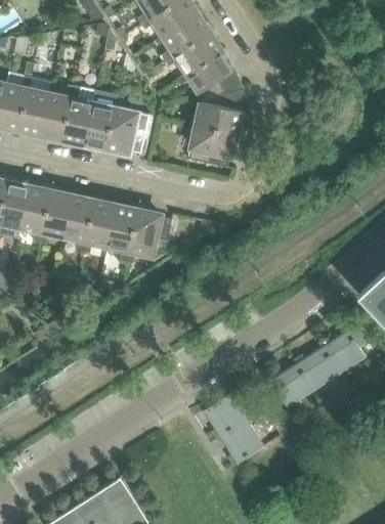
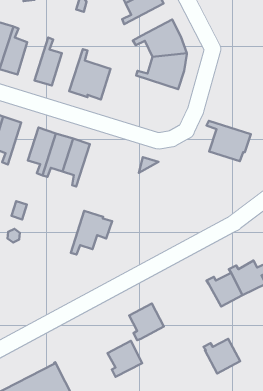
building: [164,32,221,73] -> none
building: [41,85,74,139] -> none
building: [84,94,117,148] -> none
building: [182,122,237,167] -> [207,121,251,161]
building: [40,191,73,245] -> none
building: [125,210,171,263] -> [71,211,112,254]
building: [267,364,313,407] -> [203,339,240,374]
building: [220,421,263,466] -> [107,341,142,377]

